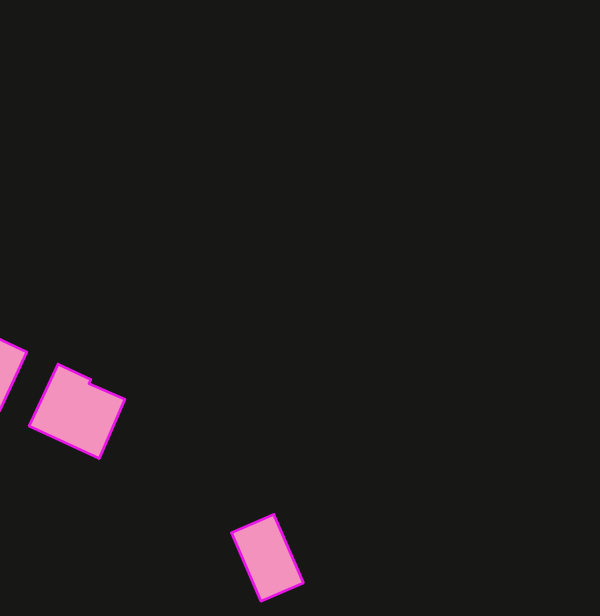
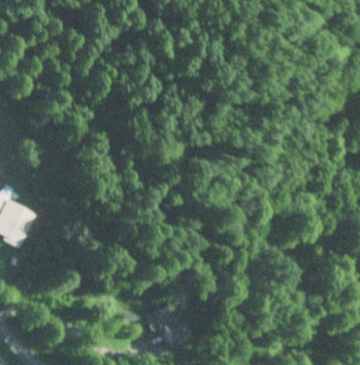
building: [29,364,125,459] -> none

